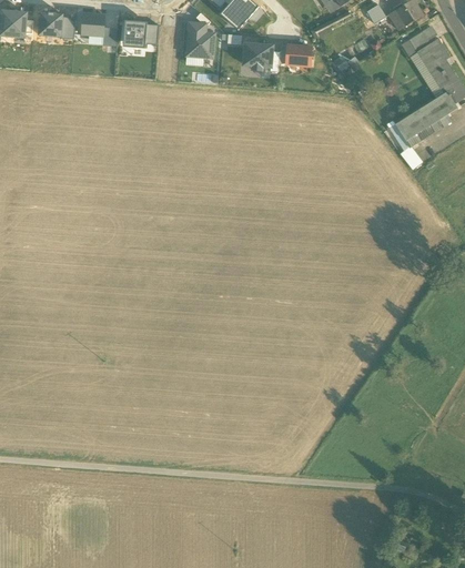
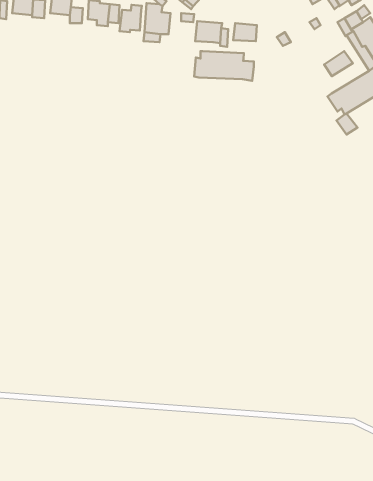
building: none -> [120,5,142,32]
building: none -> [324,51,353,76]
building: none -> [194,51,254,81]

